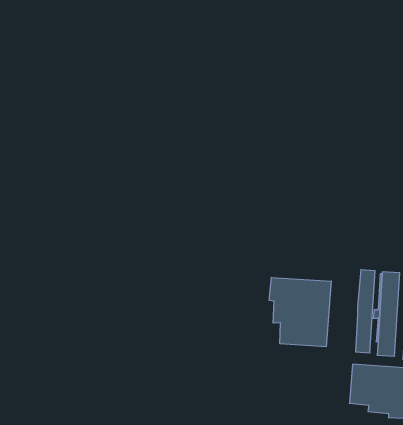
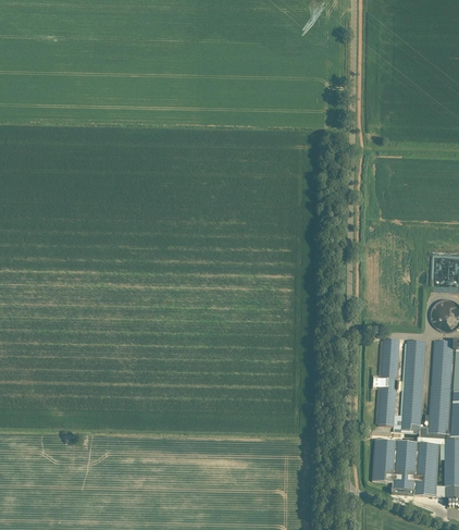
building: [269,277,331,347] -> none

